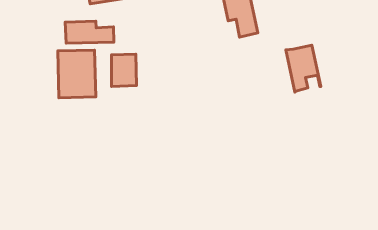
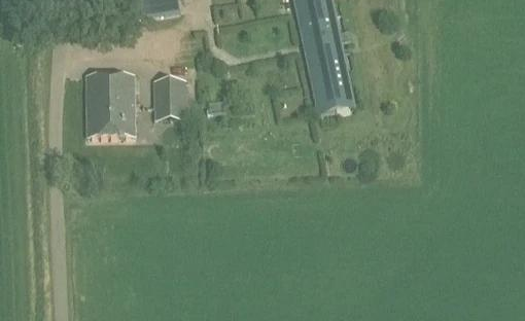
building: [65,21,114,43] -> none
building: [286,45,321,92] -> [307,50,351,110]

